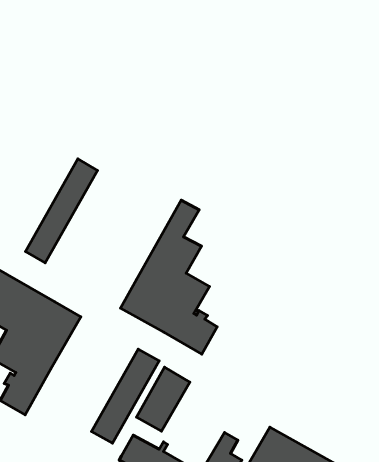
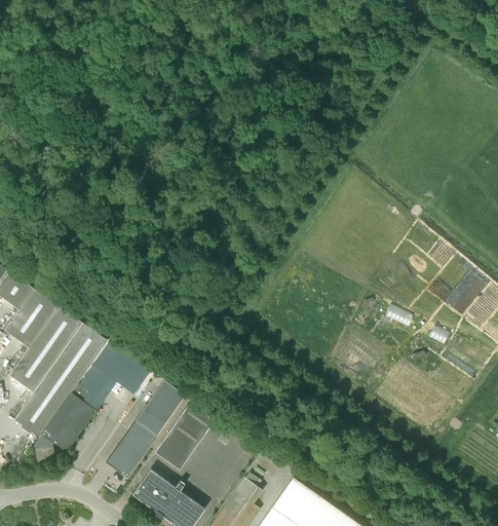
building: [25,159,98,263] -> none
building: [120,200,217,354] -> none
building: none -> [32,341,149,466]

